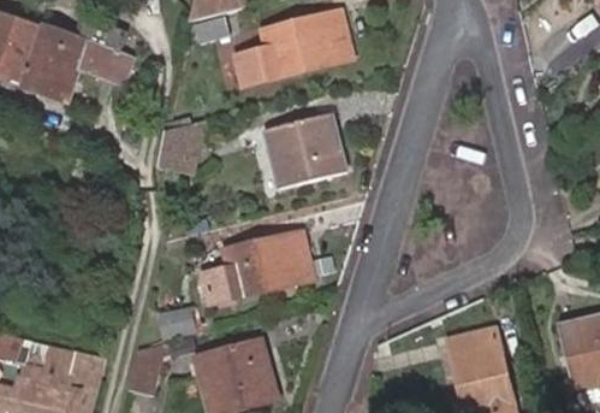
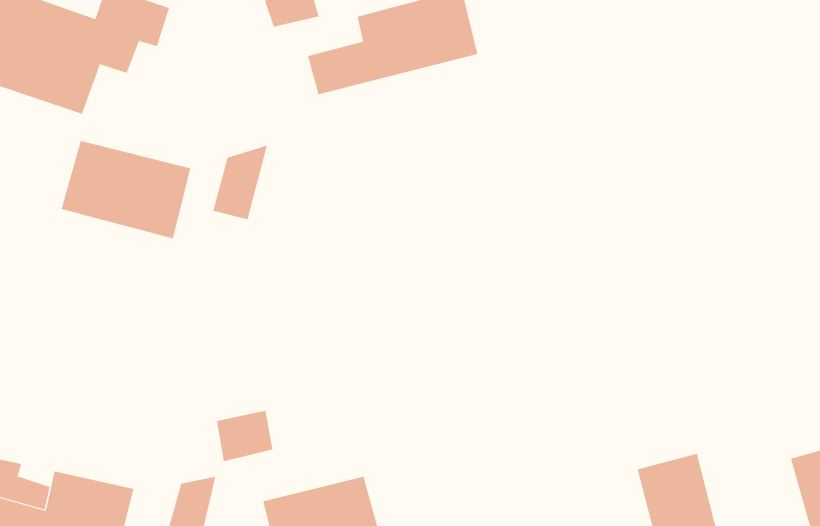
building: [259,116,340,187] -> none
building: none -> [61,140,191,239]
building: [207,236,310,305] -> none

